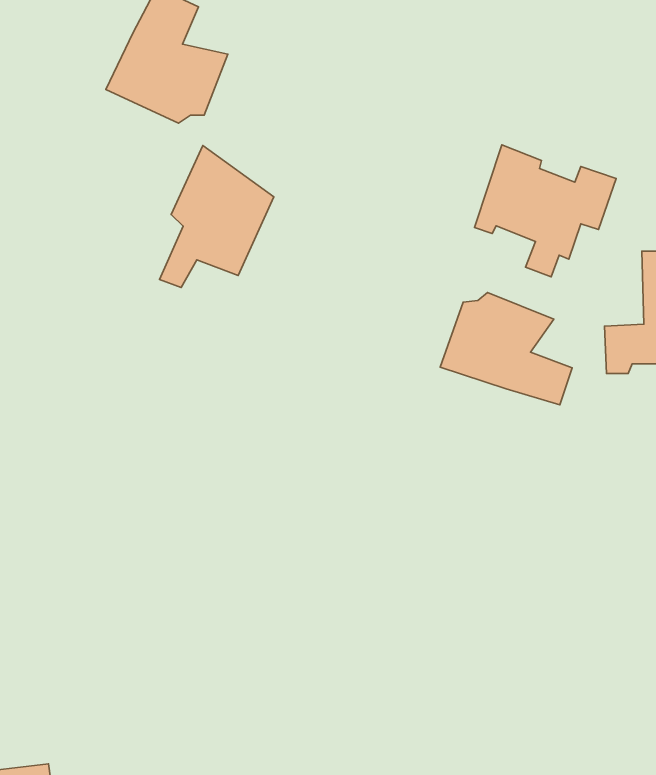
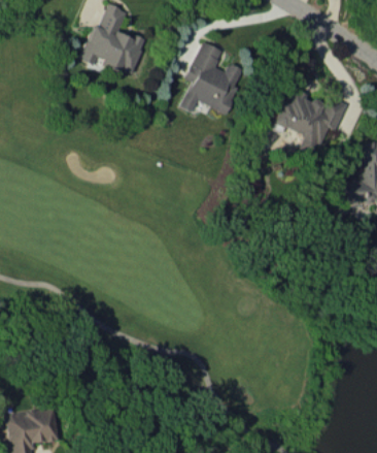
building: [159,145,274,287] -> [181,42,241,117]
building: [440,293,572,405] -> none

